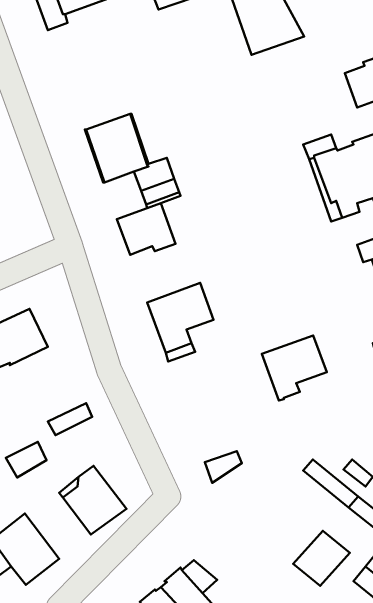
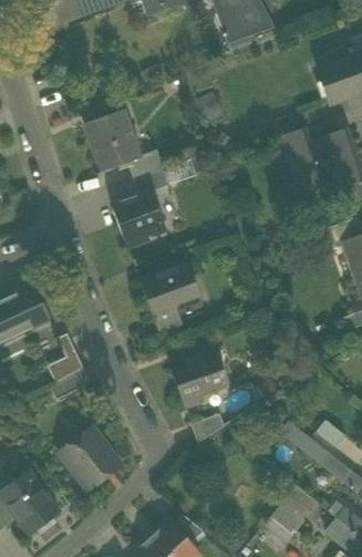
building: [262,335,327,400] -> [169,348,228,406]
building: [6,442,46,477] -> [46,352,83,384]

